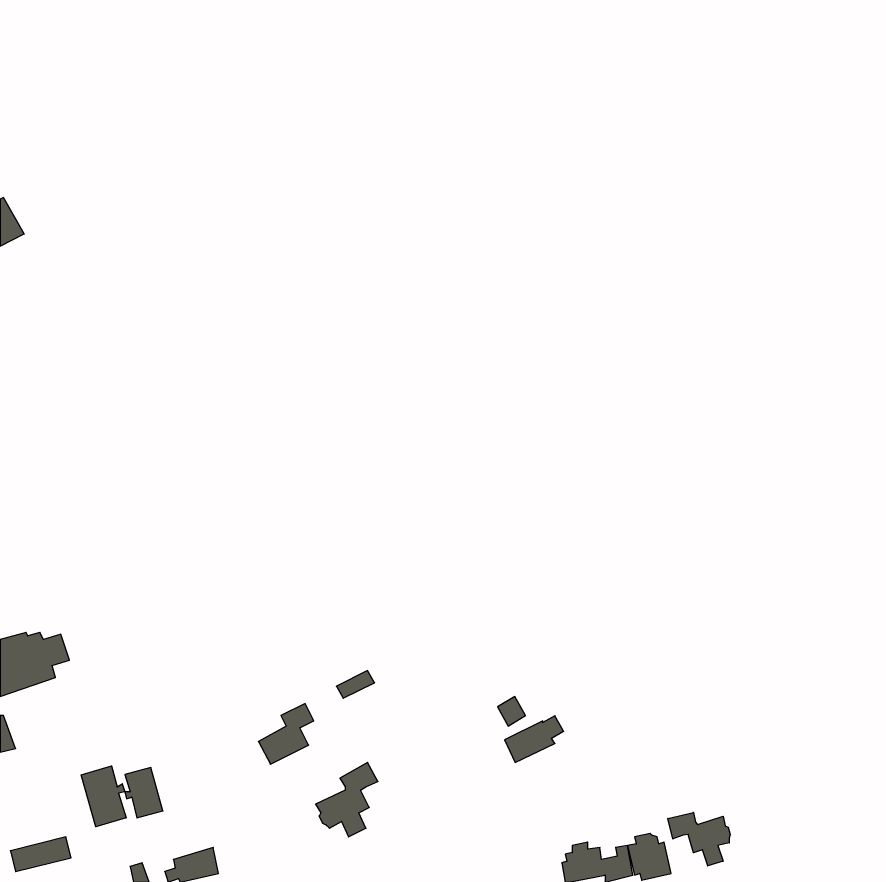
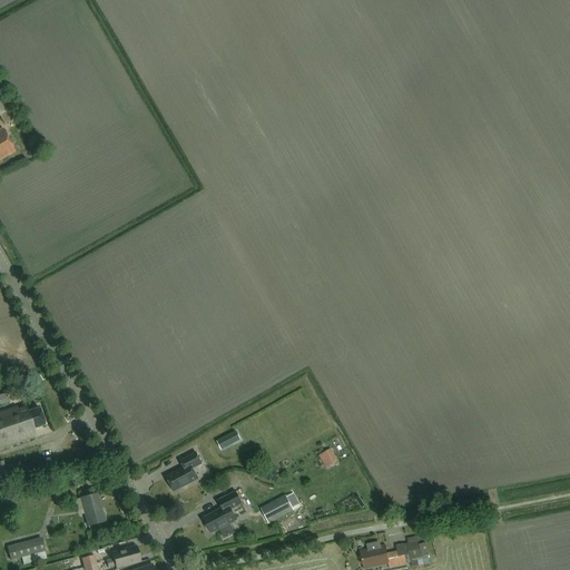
building: [505,716,564,762] -> [262,492,299,522]
building: [81,766,126,827] -> none
building: [668,812,730,866] -> none

